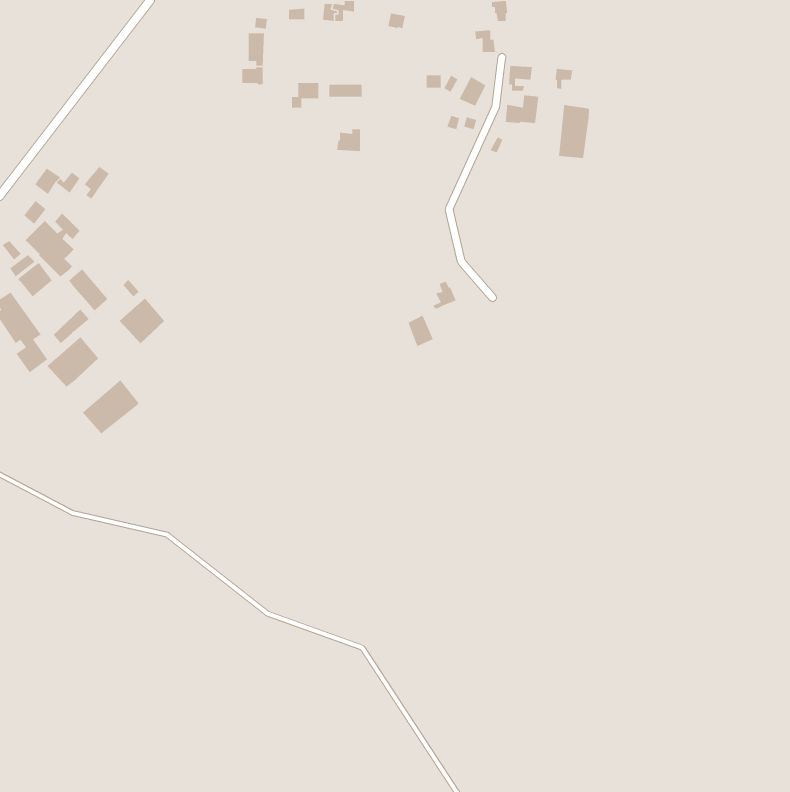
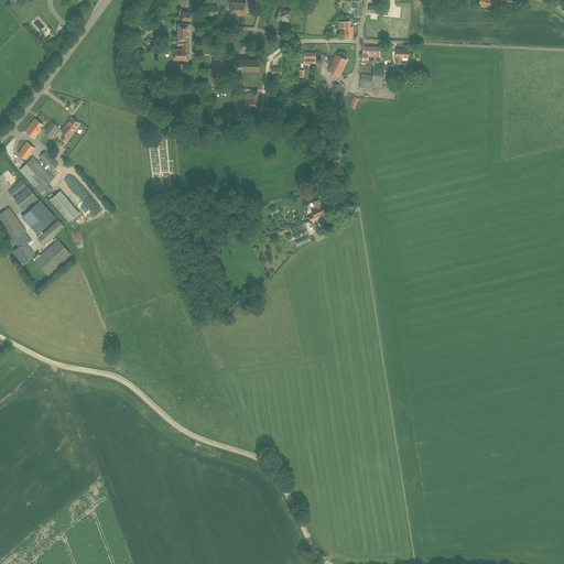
building: [558,104,590,159] -> none
building: [119,298,165,344] -> [21,200,54,234]
building: [82,379,139,435] -> none

